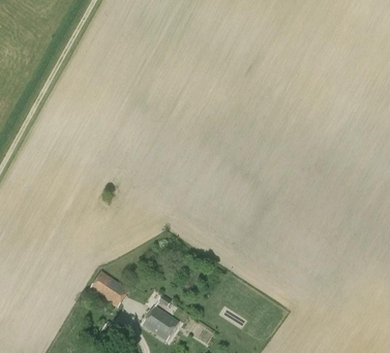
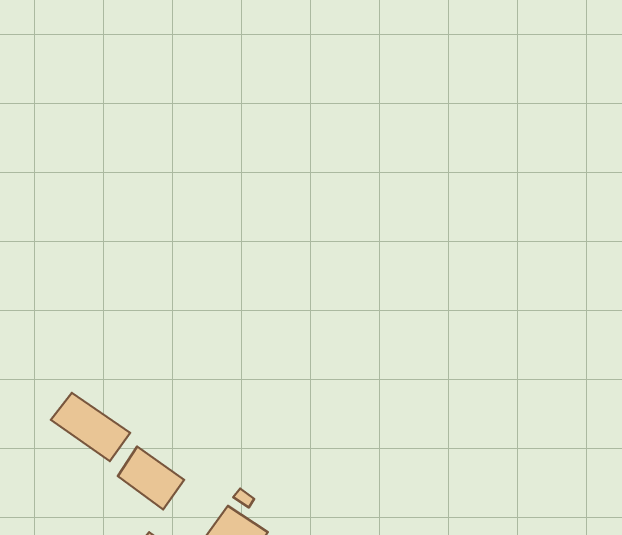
building: none -> [51,393,130,461]

